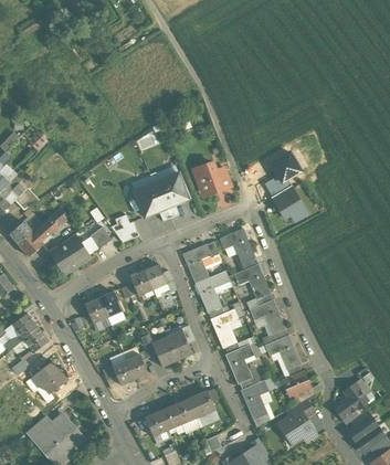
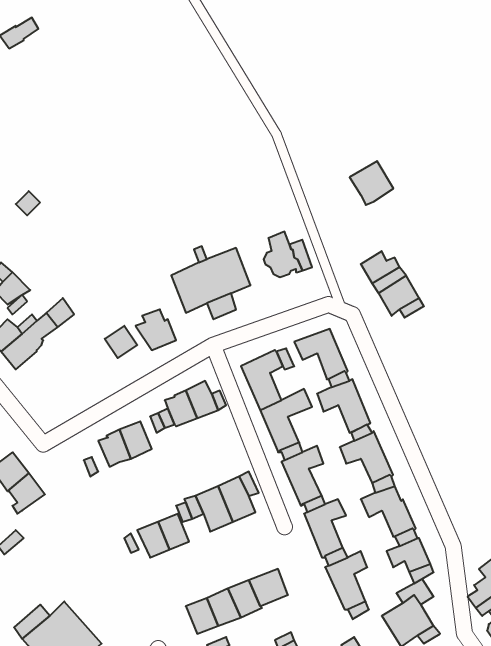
building: [270,151,299,181] -> [350,161,393,205]
building: [52,237,86,271] -> none
building: [34,360,65,392] -> none

